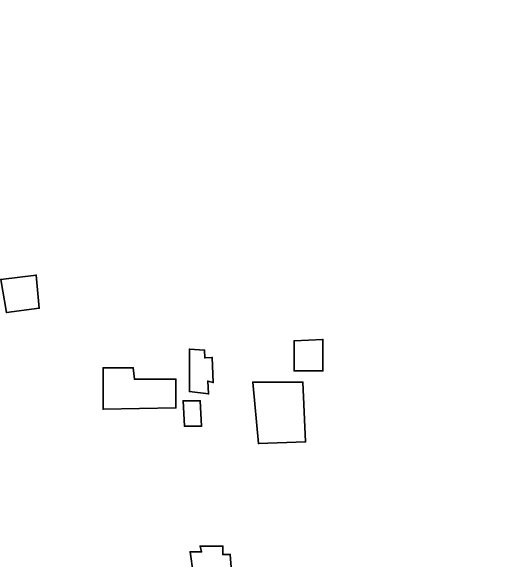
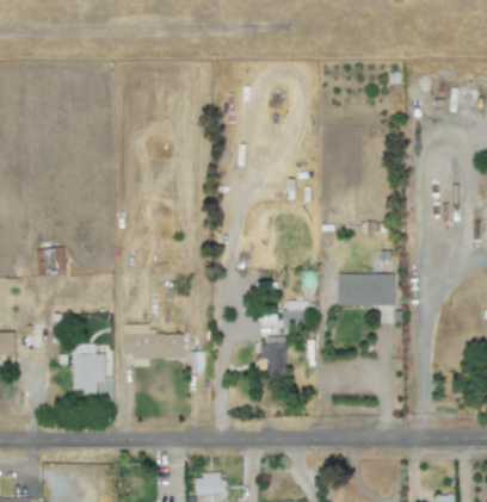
building: none -> [339,273,396,306]
building: [190,349,213,394] -> none
building: none -> [74,354,107,391]

